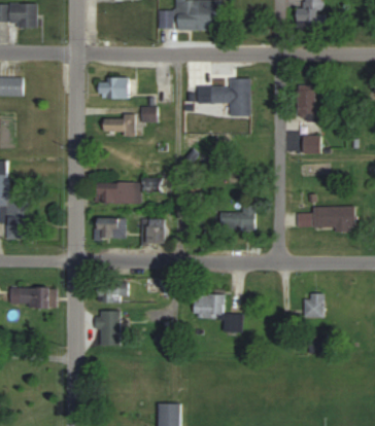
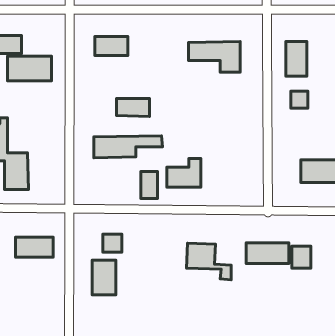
building: none -> [8,56,52,81]
building: [104,115,138,134] -> [117,99,149,117]
building: [220,202,255,232] -> [167,158,201,187]
building: [95,217,126,239] -> none
building: none -> [246,243,289,264]

